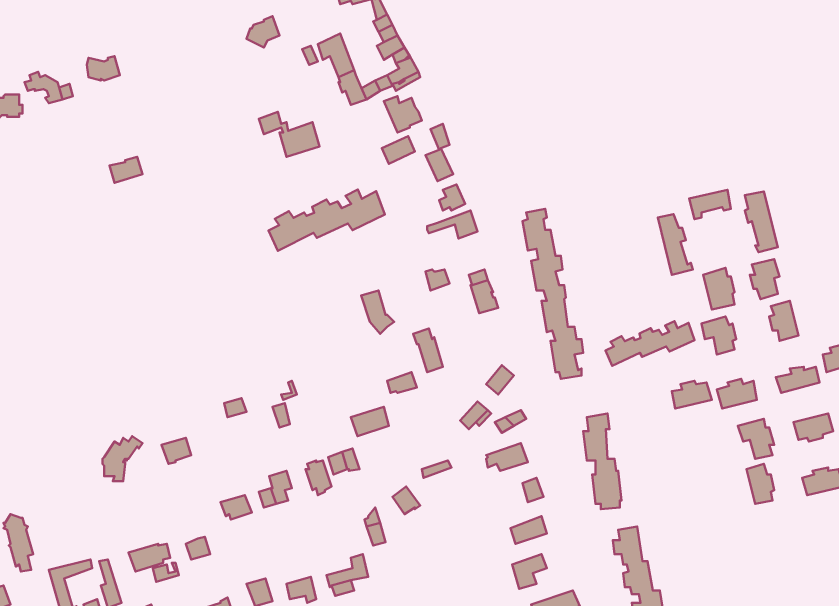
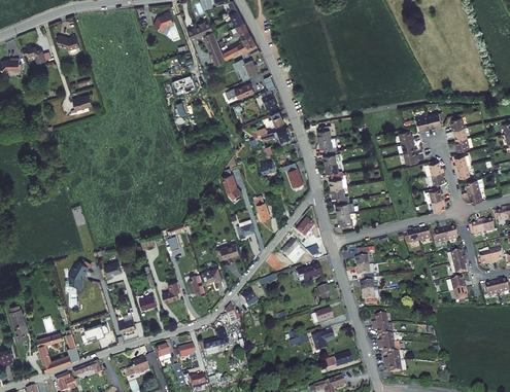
building: [268,189,385,251] -> none
building: [605,321,695,366] -> none

